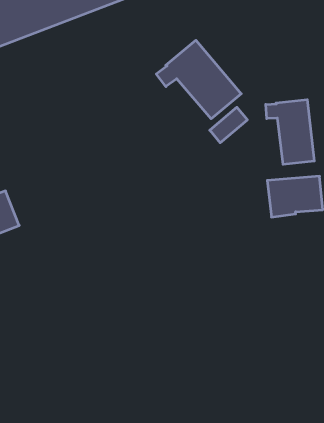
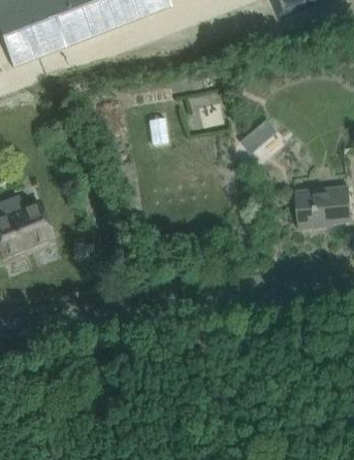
building: [156,40,241,119] -> none
building: [266,100,314,164] -> none

